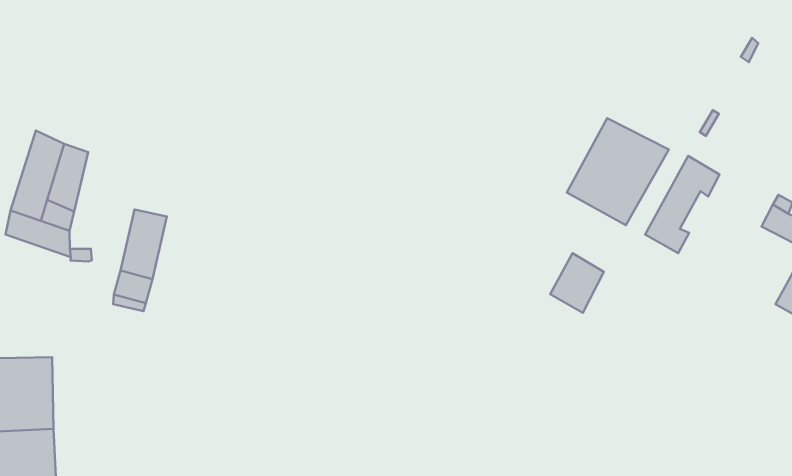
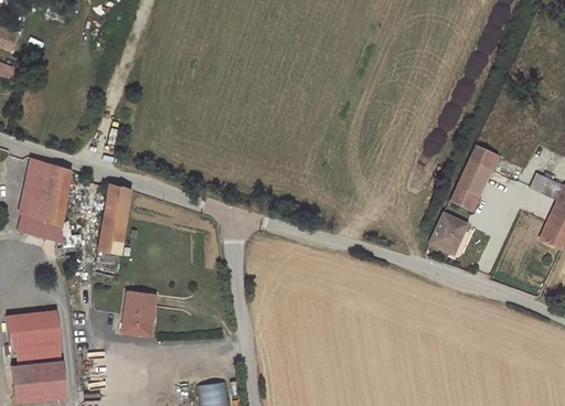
building: [567,118,669,225] -> none
building: none -> [105,184,131,211]
building: [550,253,604,313] -> [431,214,467,254]
building: none -> [120,291,154,334]

